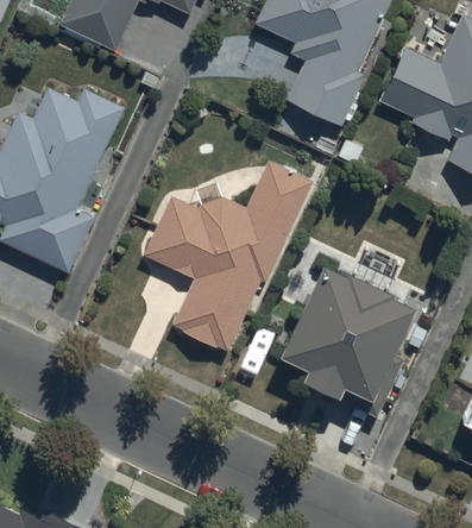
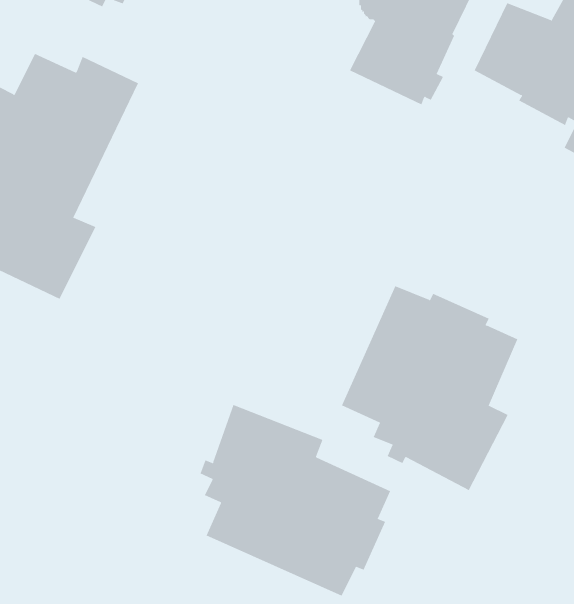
building: [144,162,311,352] -> none
building: none -> [200,404,391,597]

